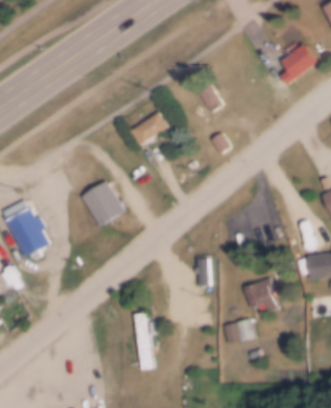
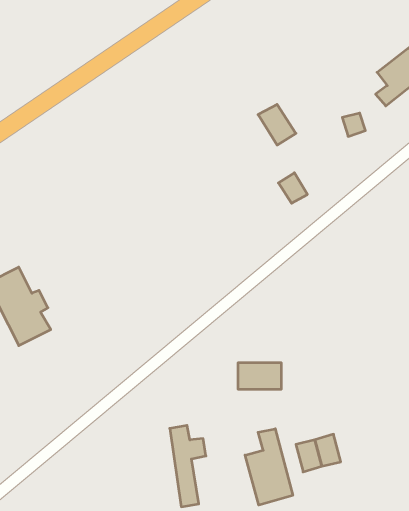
building: [129,112,168,146] -> none
building: [82,181,125,227] -> none
building: [242,278,276,312] -> none
building: none -> [245,429,293,505]

